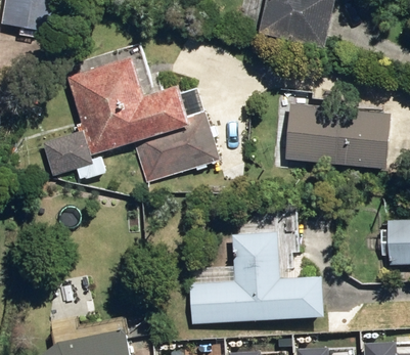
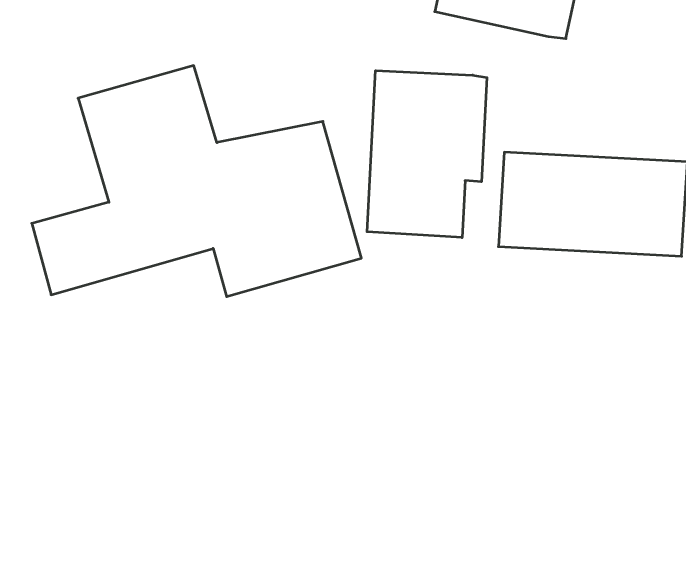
building: none -> [367,71,487,238]
building: [191,233,324,323] -> none

